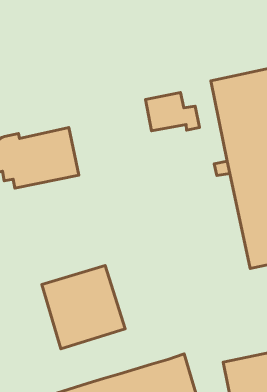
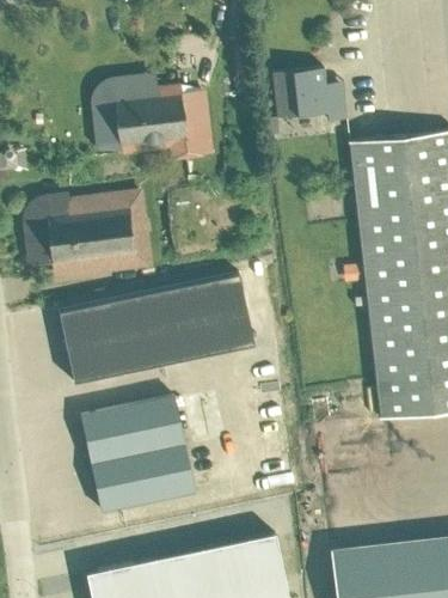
building: none -> [97,79,208,155]
building: [145,92,200,131] -> [272,68,346,123]
building: none -> [60,274,256,383]

